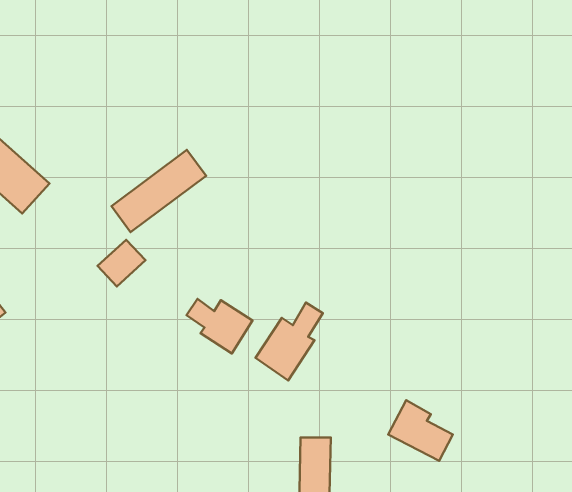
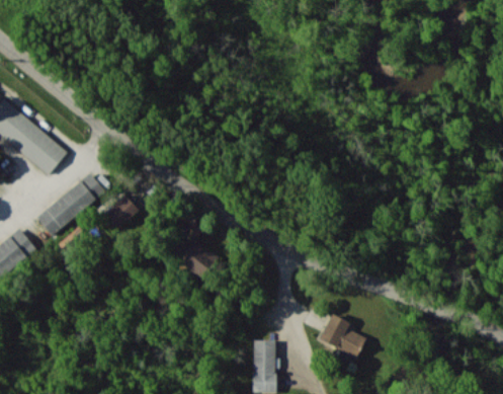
building: [111,150,206,232] -> [36,174,106,235]
building: [256,302,323,380] -> none

